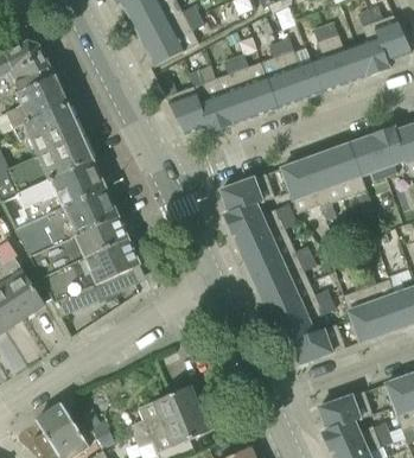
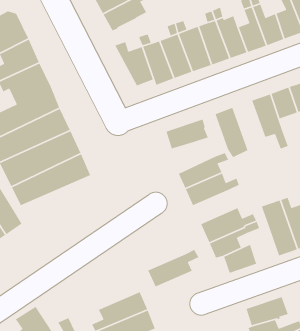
building: [304,151,343,218] -> none
building: [223,203,294,241] -> none
building: [43,243,139,317] -> none
building: [254,255,318,303] -> [147,249,199,287]

